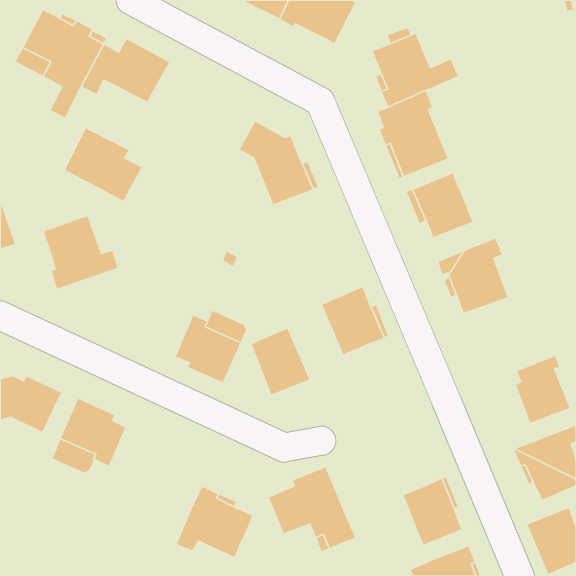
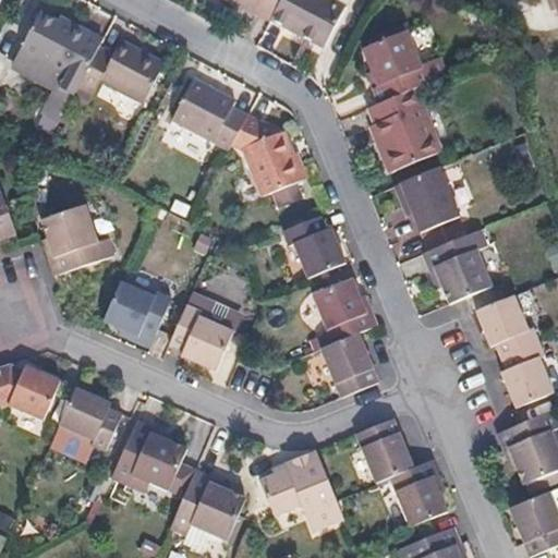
building: [64,127,142,202] -> [172,75,247,147]
building: none -> [282,215,345,278]
building: none -> [102,281,171,338]
building: none -> [475,296,537,359]
building: [251,328,310,396] -> [319,333,377,399]
building: none -> [355,418,413,484]
building: none -> [111,420,202,493]

